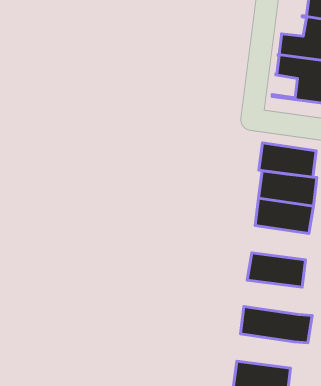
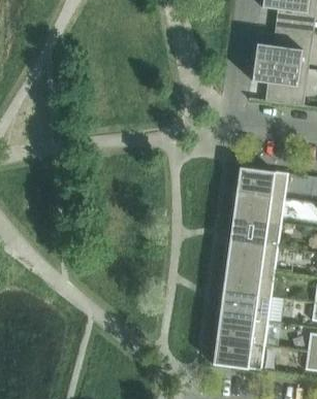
building: [259,143,316,177] -> [229,217,281,247]
building: none -> [222,266,275,297]
building: none -> [216,314,267,345]

